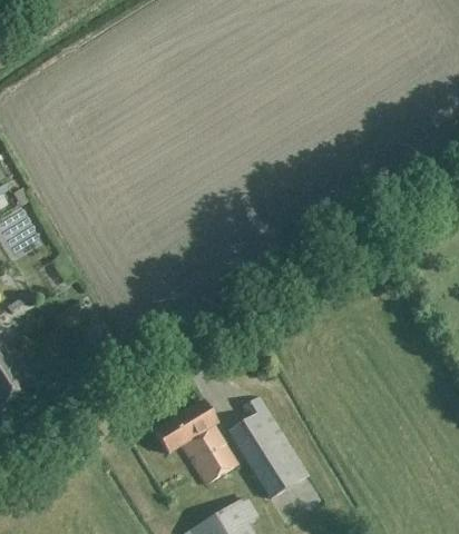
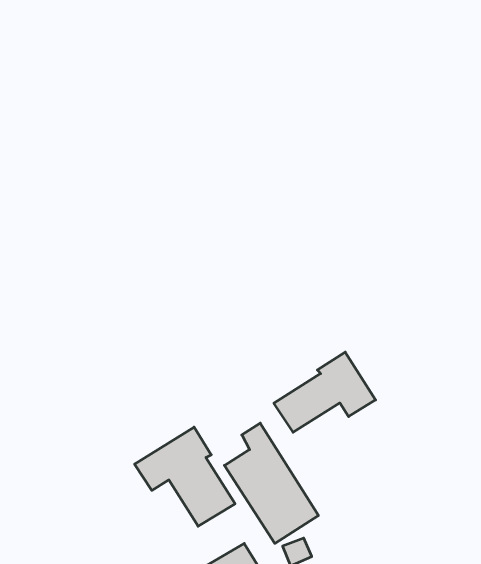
building: none -> [274,352,376,432]

